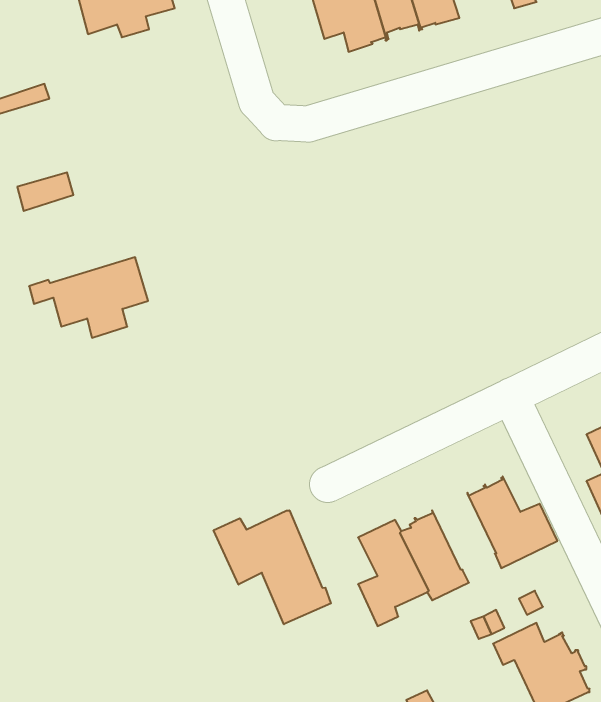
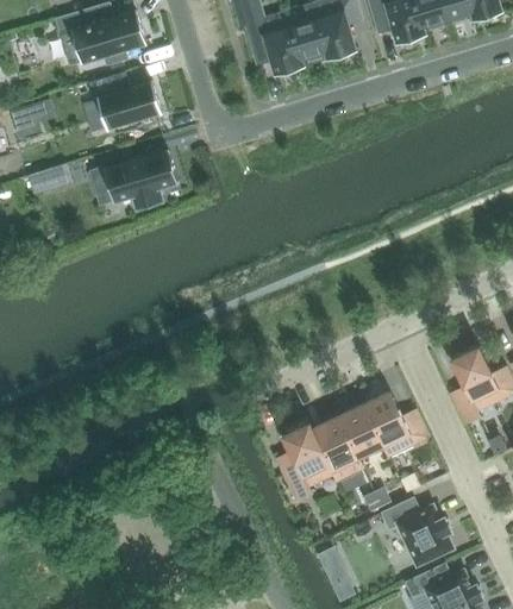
building: none -> [89,71,162,128]
building: [29,257,148,338] -> [90,150,179,209]
building: none -> [337,402,384,458]
building: [214,510,331,624] -> none

